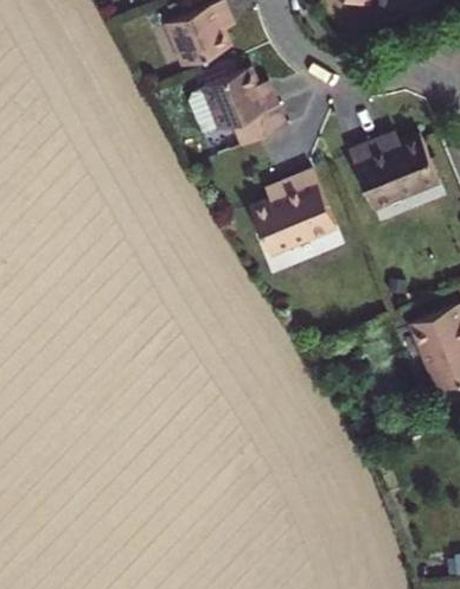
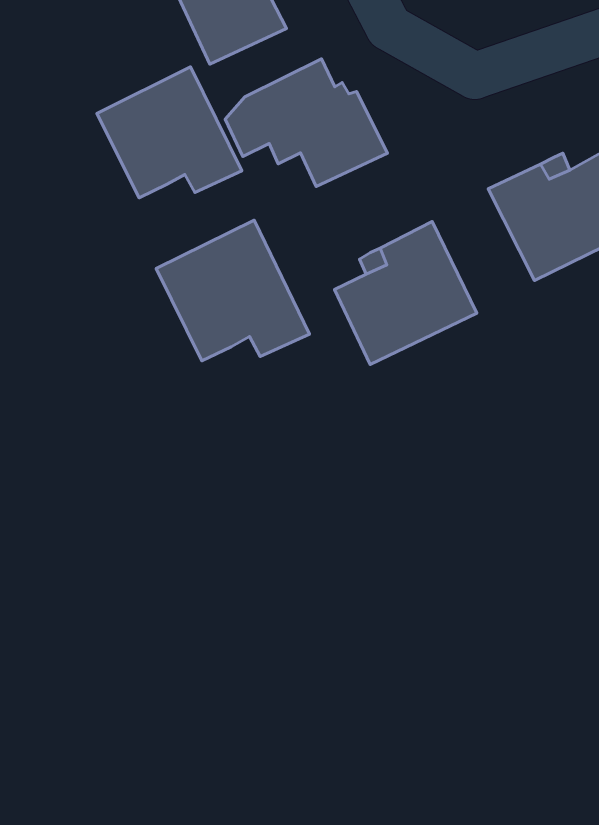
building: none -> [97,67,242,198]
building: none -> [156,220,309,361]

